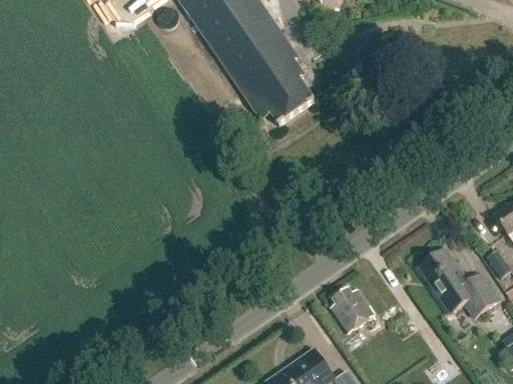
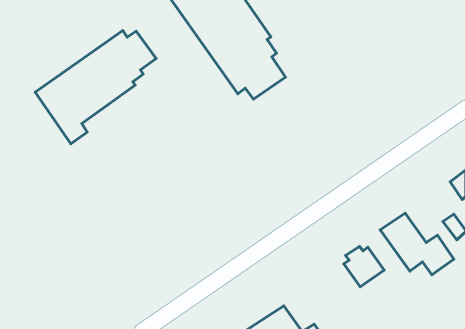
building: none -> [35,31,156,144]
building: [330,287,374,331] -> [344,246,384,287]

